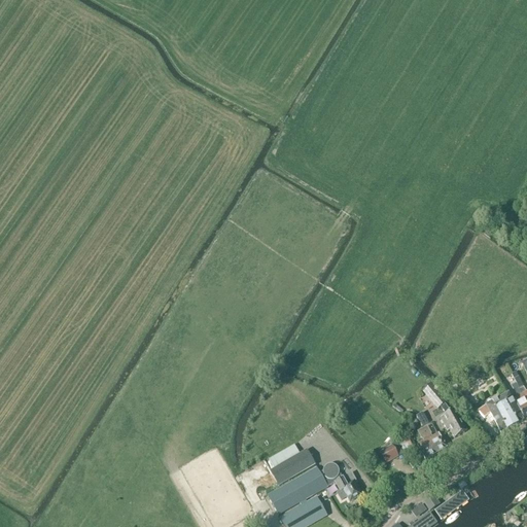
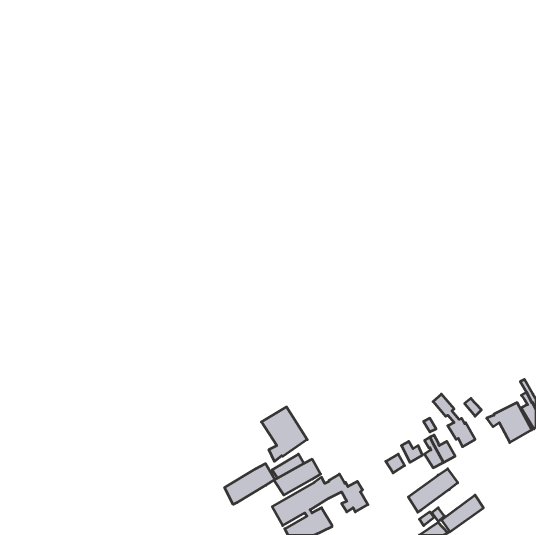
building: none -> [261,407,307,461]
building: none -> [225,464,275,504]
building: none -> [408,469,458,512]

